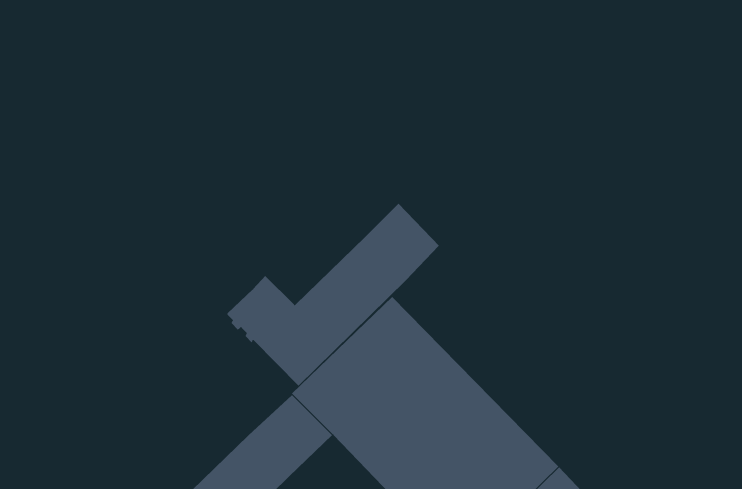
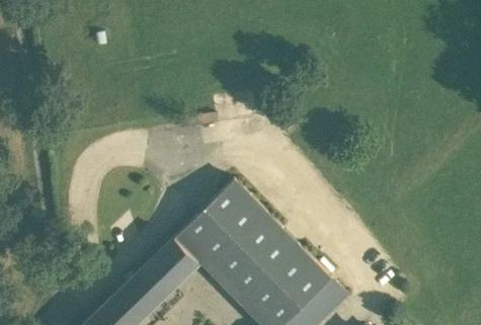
building: [227,203,441,386] -> none

